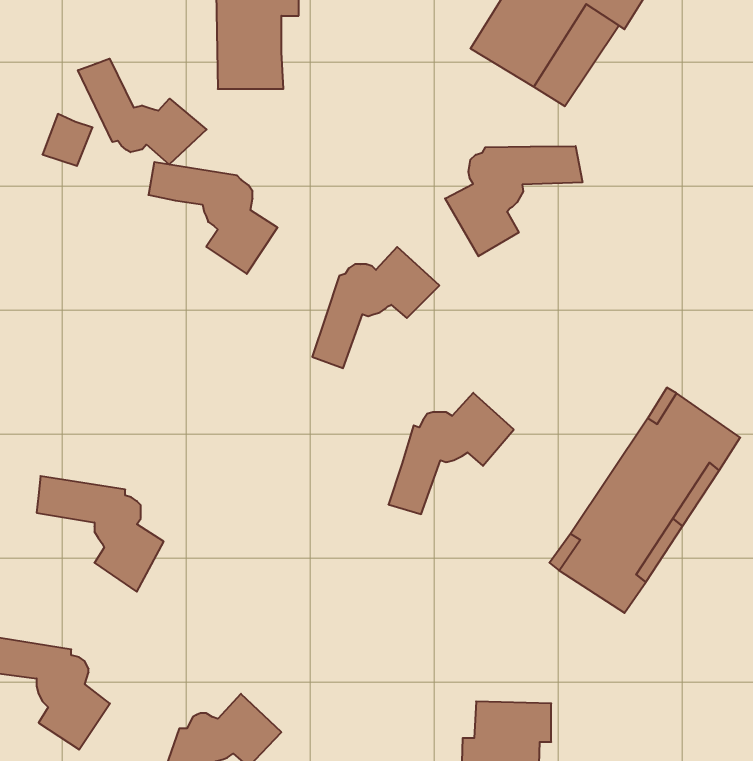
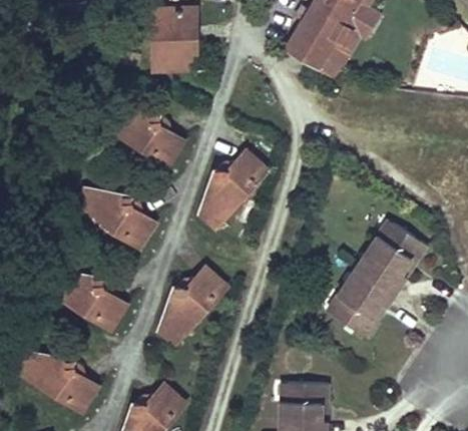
building: [78,59,207,165] -> none
building: [445,146,582,256] -> none
building: none -> [86,189,153,249]
building: [388,393,514,514] -> [160,269,225,332]

